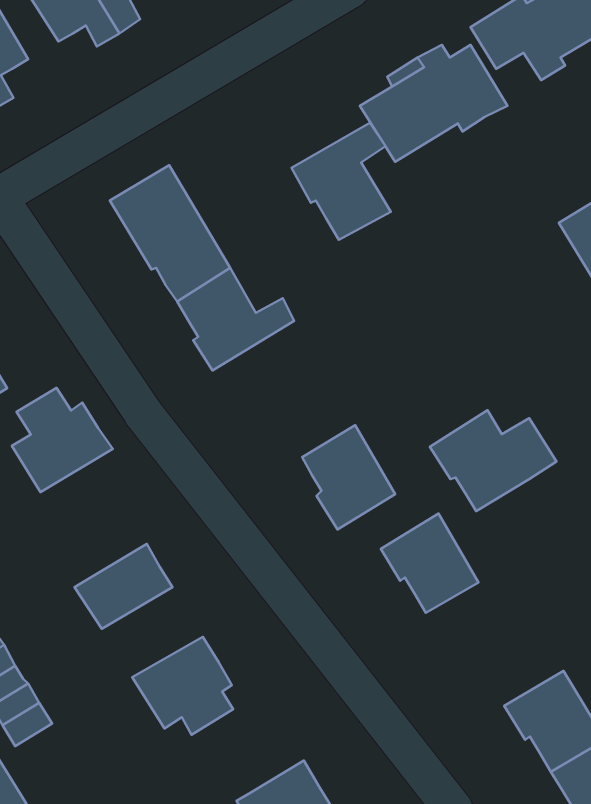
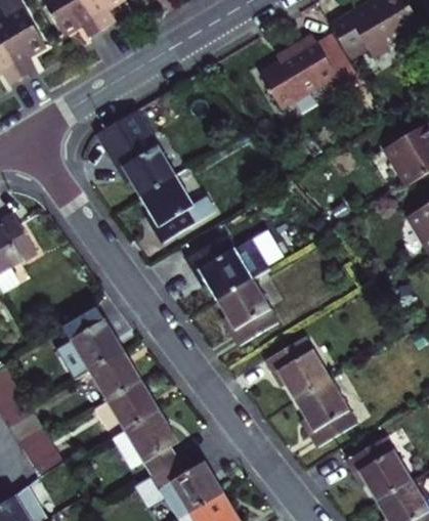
building: [292,123,391,240] -> none
building: [12,388,113,492] -> [57,314,122,381]
building: [430,410,556,511] -> [191,233,272,298]
building: none -> [300,378,359,442]
building: none -> [93,381,158,438]
building: none -> [132,459,222,512]

